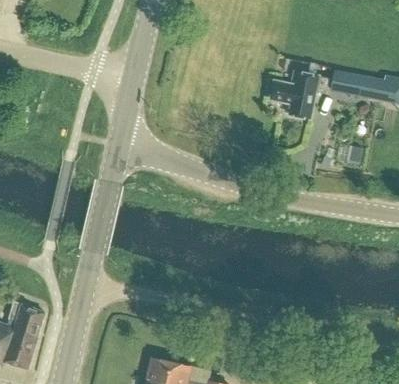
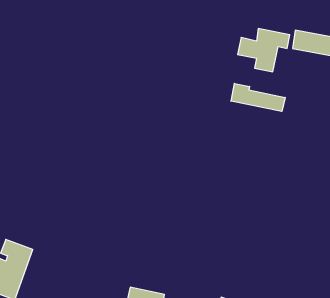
building: none -> [231,83,285,111]

